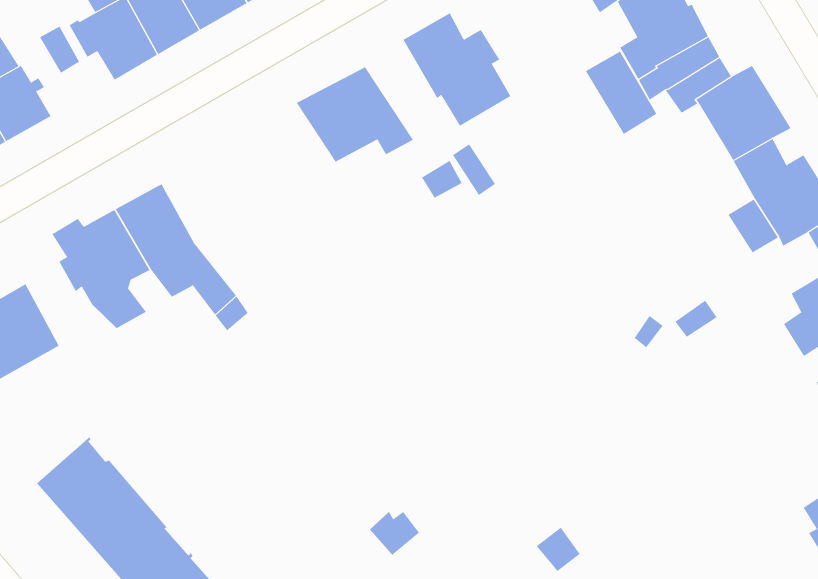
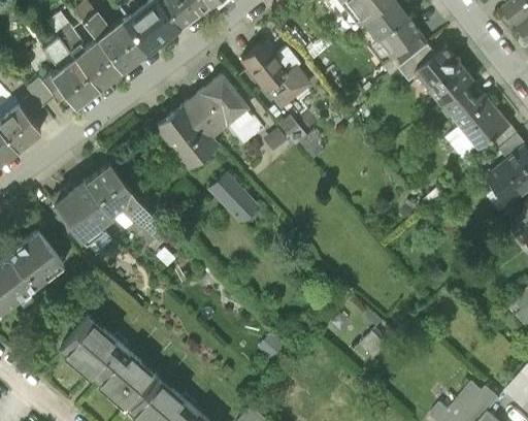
building: [585,51,657,135] -> none
building: none -> [156,105,218,168]
building: none -> [210,173,269,233]

